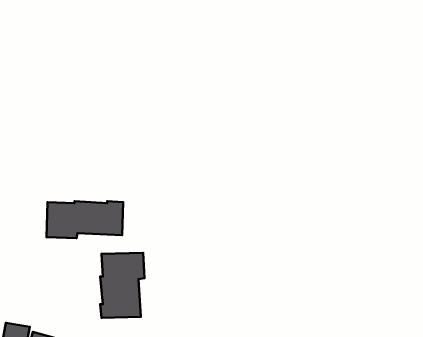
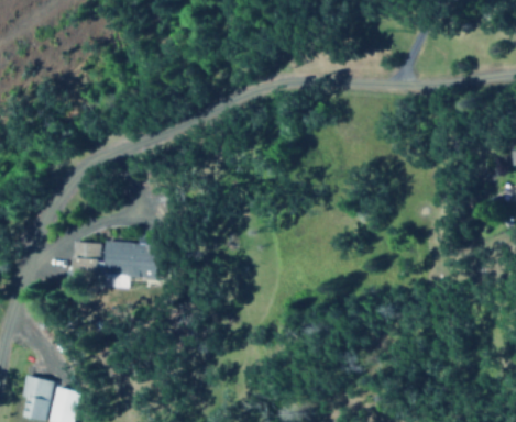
building: [100,253,144,318] -> none

